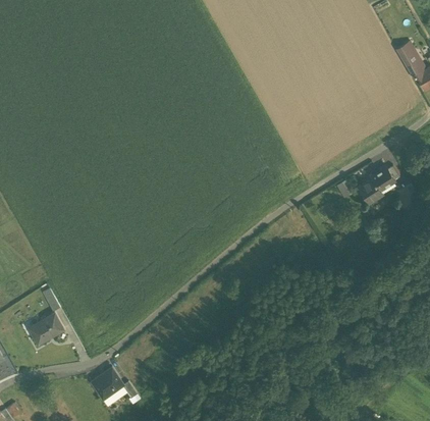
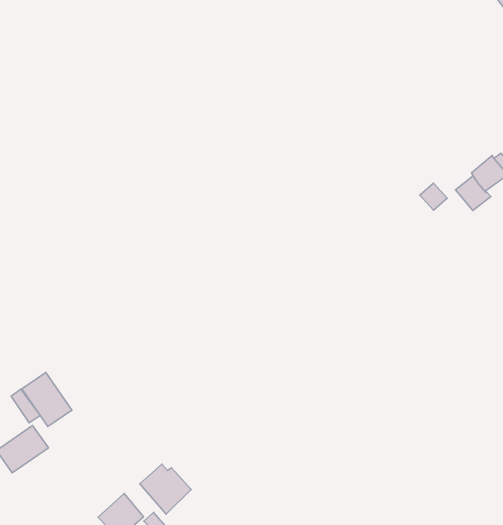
building: none -> [22,373,72,426]
building: none -> [140,464,191,514]

